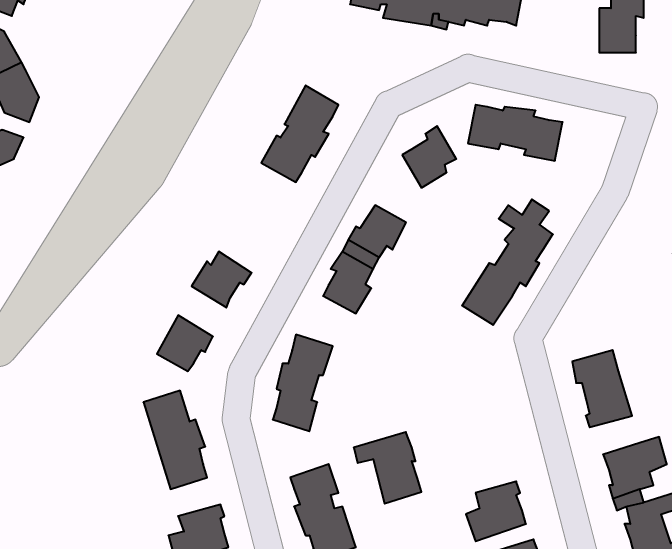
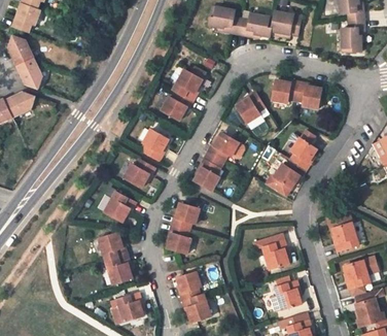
building: none -> [142,130,169,161]
building: [354,432,421,504] -> [252,232,288,270]

